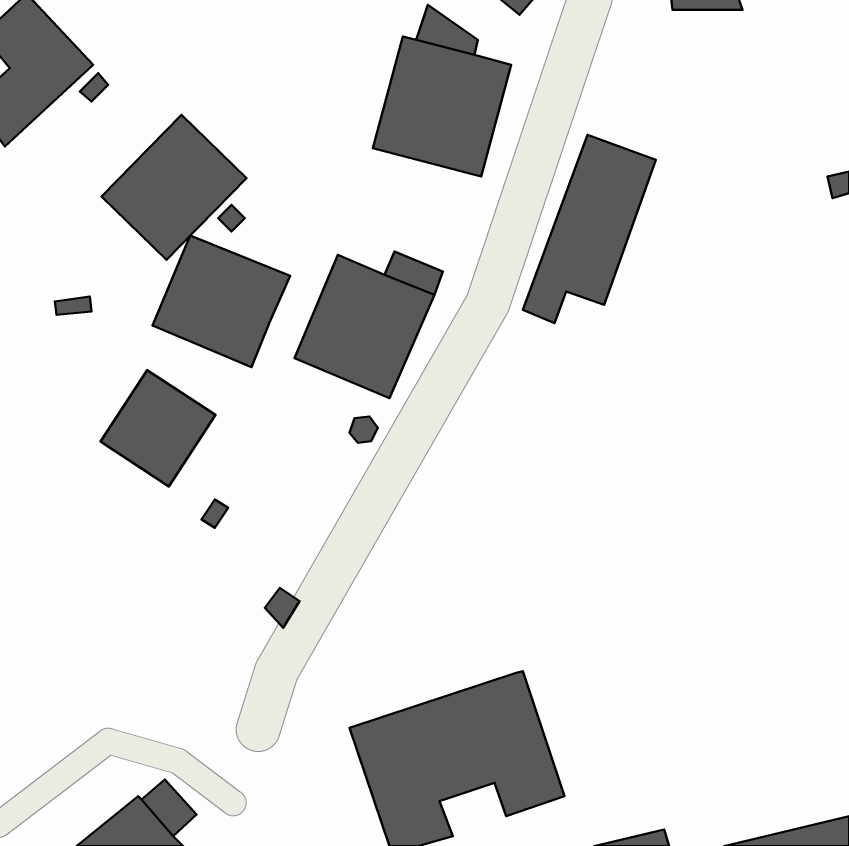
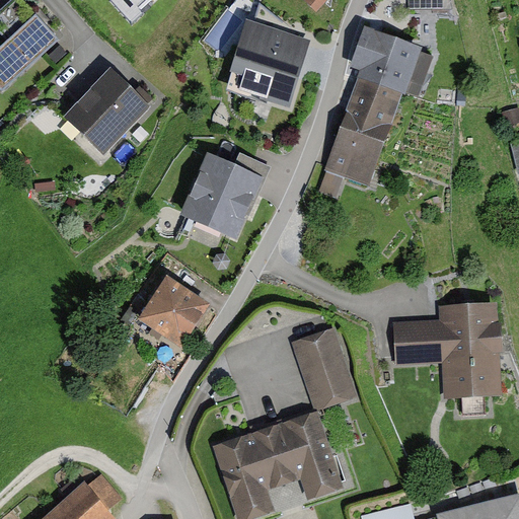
building: none -> [349,26,418,97]
building: [153,236,290,367] -> none
building: [101,370,215,487] -> [138,278,208,349]
building: none -> [392,302,500,416]
building: none -> [291,325,358,410]

